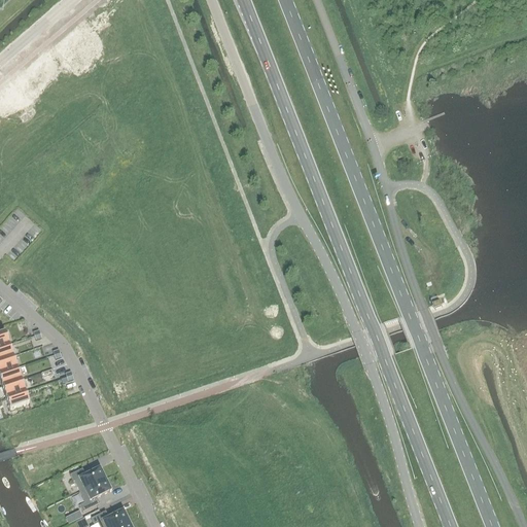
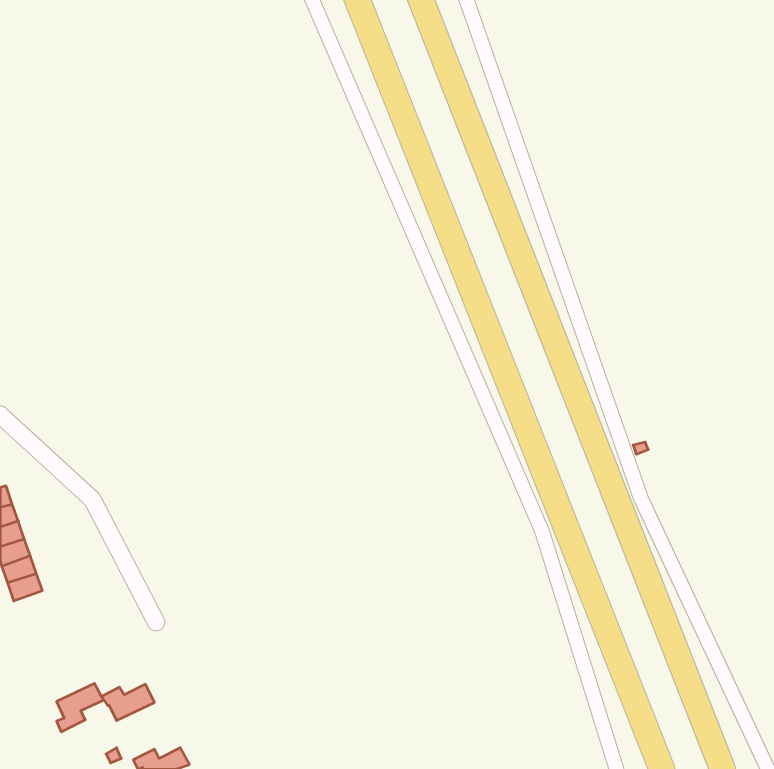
building: [79,478,111,511] -> [57,683,103,732]

